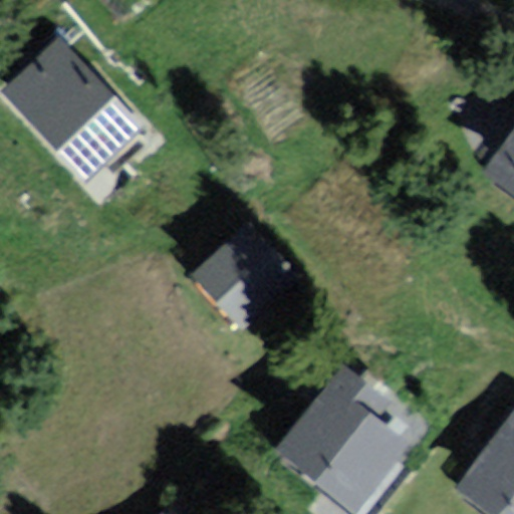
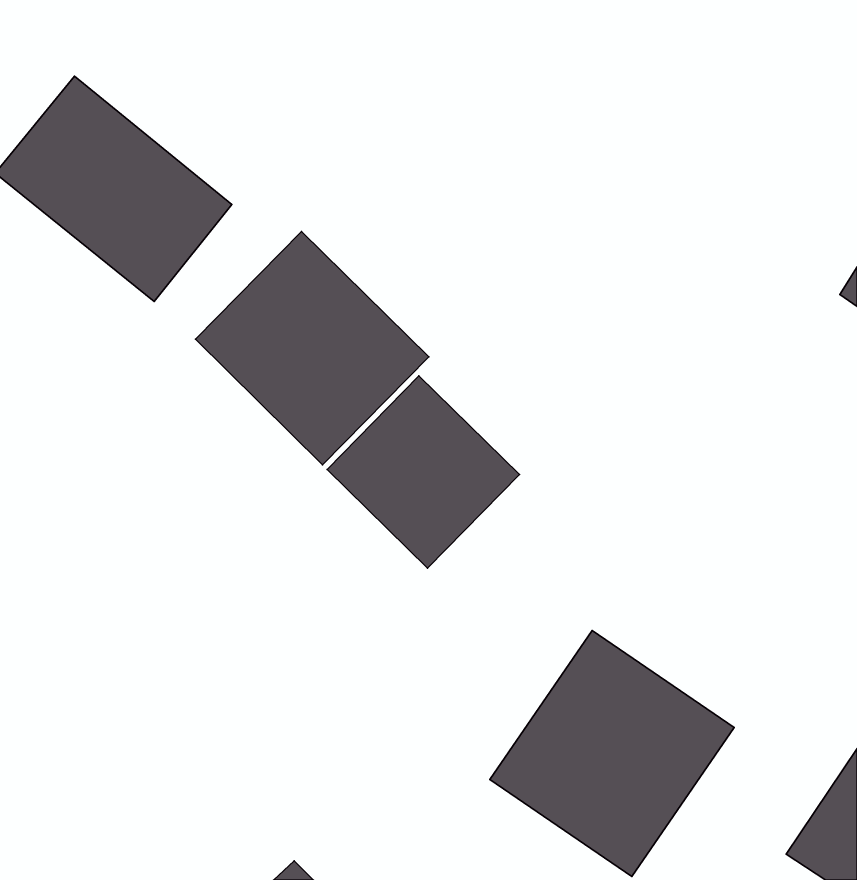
building: none -> [195,231,429,465]

